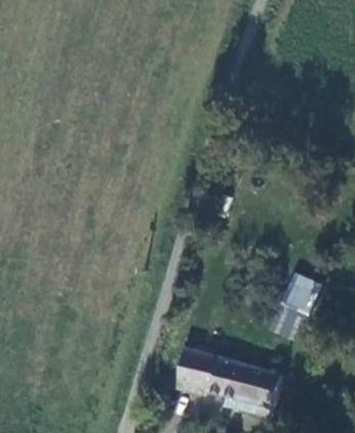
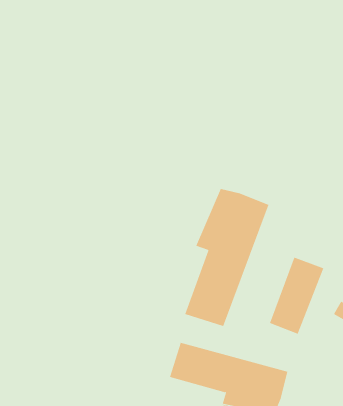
building: none -> [184,188,269,327]

